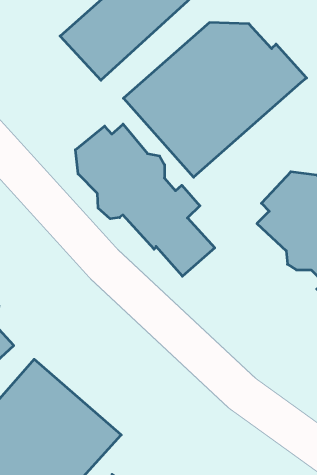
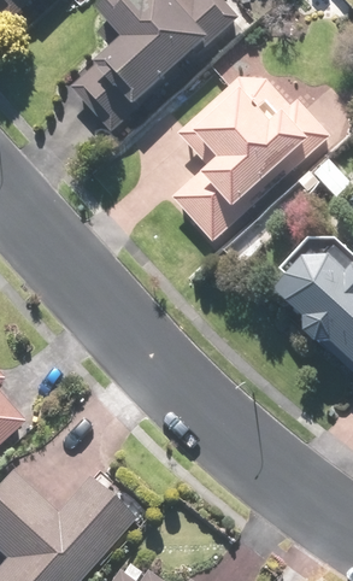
building: [75,124,215,276] -> none

